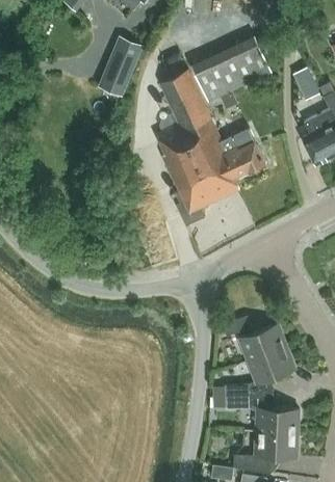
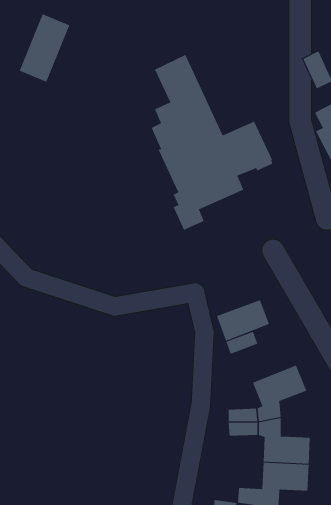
building: [97,35,143,97] -> [19,13,70,82]
building: [190,35,272,102] -> none
building: [239,324,287,361] -> [216,299,270,342]

